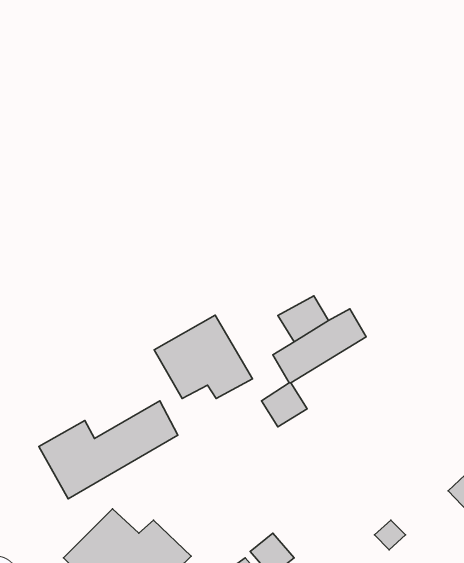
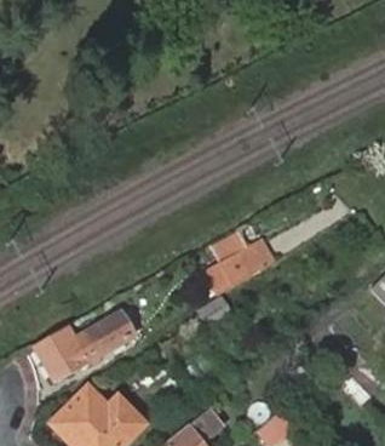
building: [154,315,252,398] -> none

